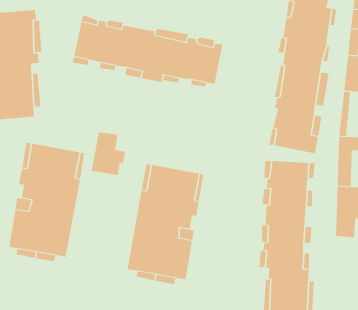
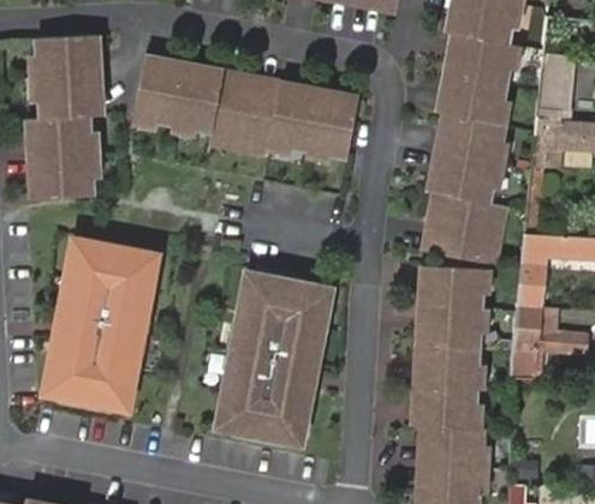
building: [91,131,126,176] -> none

